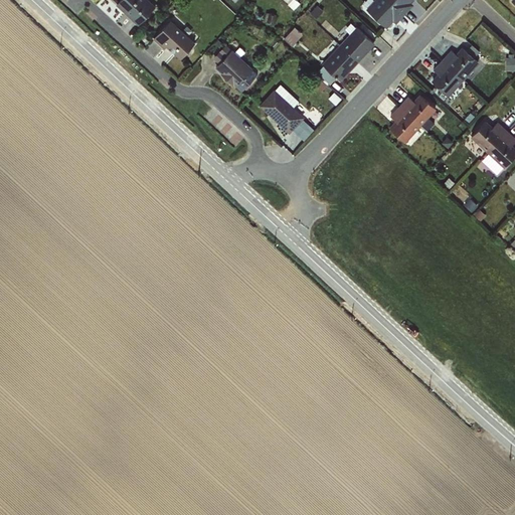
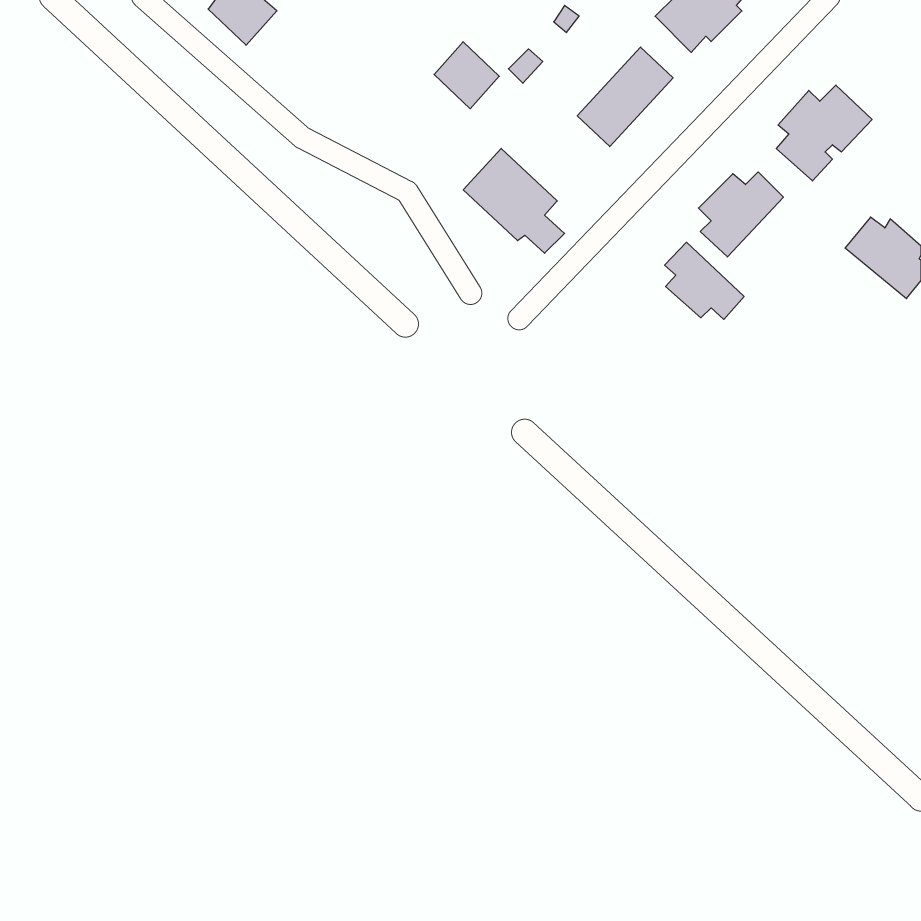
building: [152,15,198,58] -> none
building: [214,49,250,87] -> [434,42,499,109]
building: none -> [665,242,744,319]

